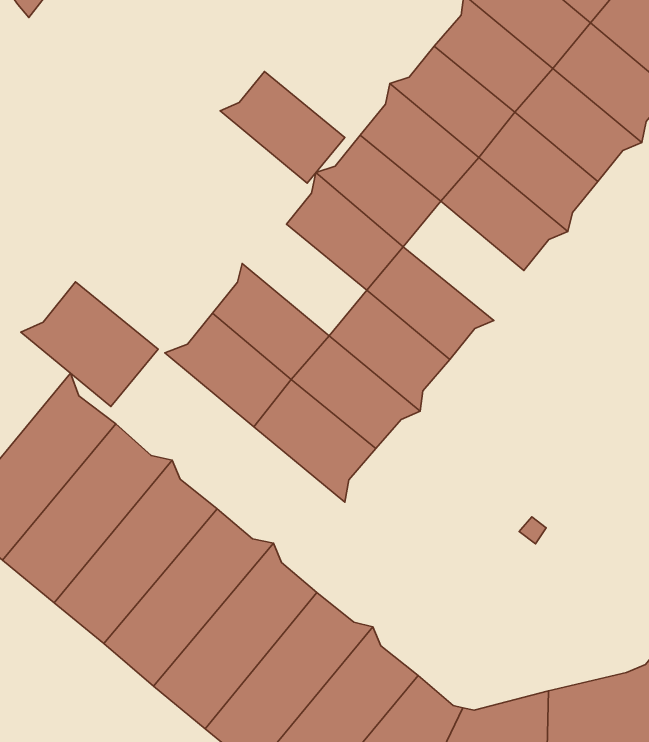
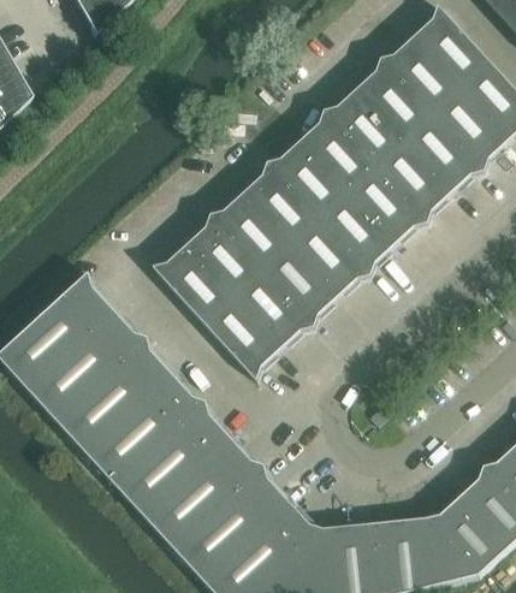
building: [220,72,345,183] -> [210,192,290,269]
building: none -> [318,191,395,274]
building: [21,282,158,407] -> none

